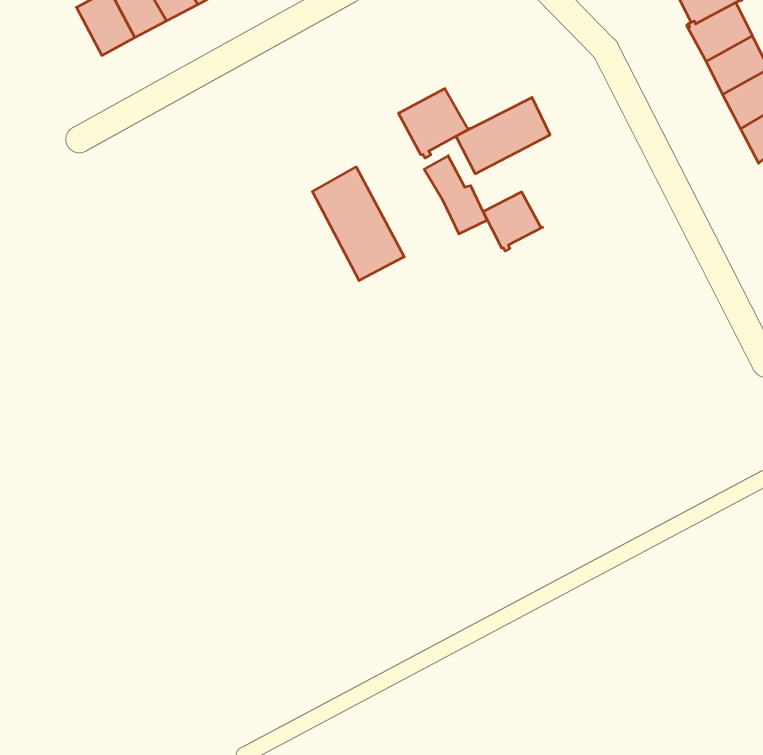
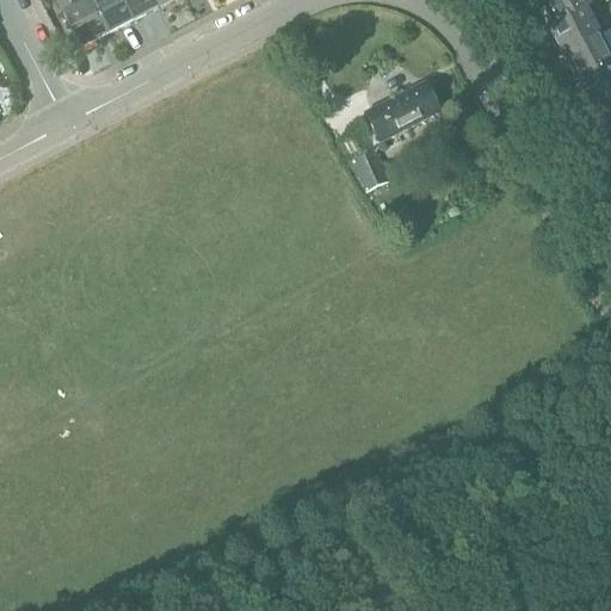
building: [399,89,470,158] -> none
building: [312,167,404,281] -> none
building: [483,192,543,251] -> none

